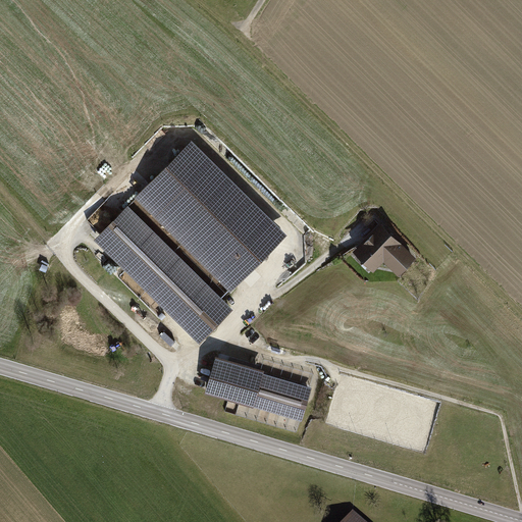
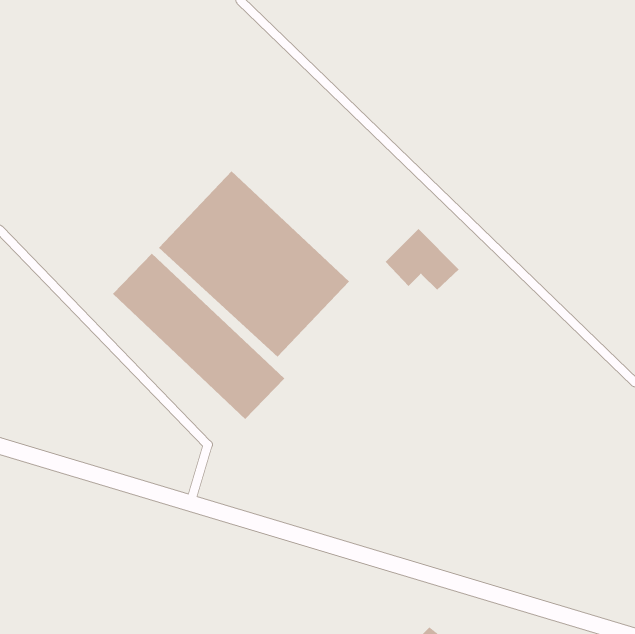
building: [355,225,416,276] -> [385,228,460,291]
building: [202,355,310,421] -> none

